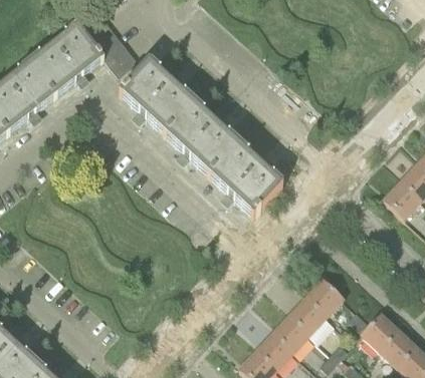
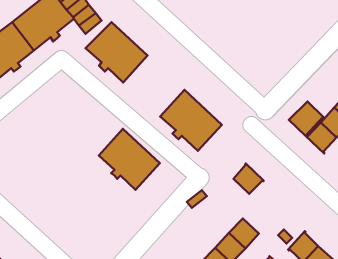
building: [164,100,237,173] -> [99,129,160,190]
building: none -> [289,102,323,136]
building: [307,278,344,314] -> [233,164,263,194]

